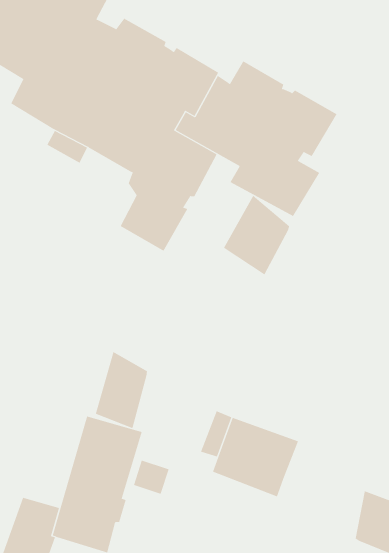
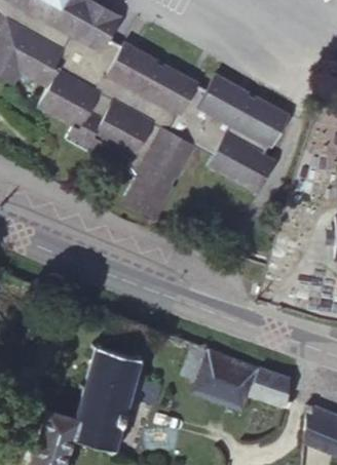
building: [223,195,290,275] -> none
building: [95,351,148,429] -> none
building: none -> [249,366,292,410]

